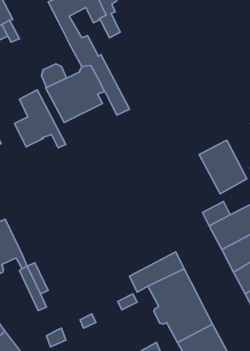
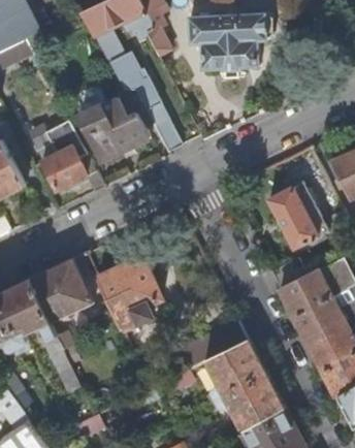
building: none -> [189,14,272,72]
building: none -> [98,258,161,329]
building: none -> [30,259,93,323]

